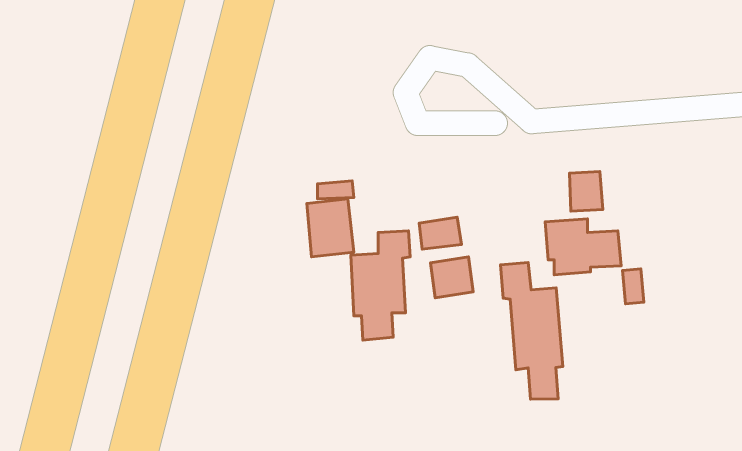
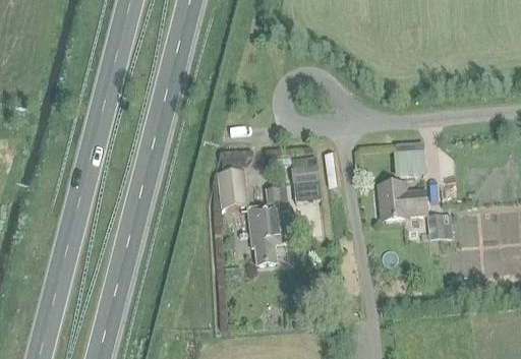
building: [431,257,473,298] -> [290,157,319,184]
building: [501,262,563,399] -> none

